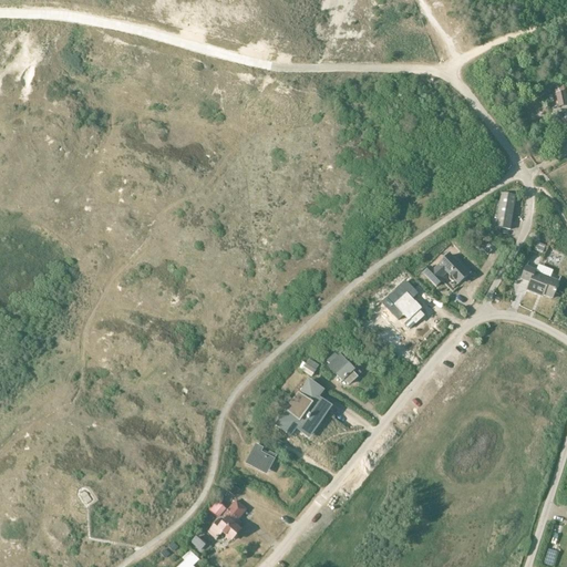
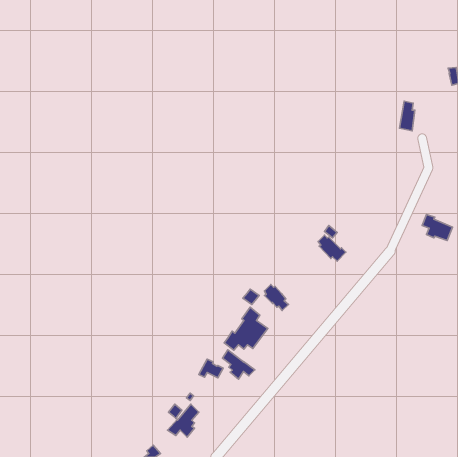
building: [495,192,514,228] -> [400,101,415,131]
building: [424,255,467,285] -> none
building: none -> [222,350,255,379]

